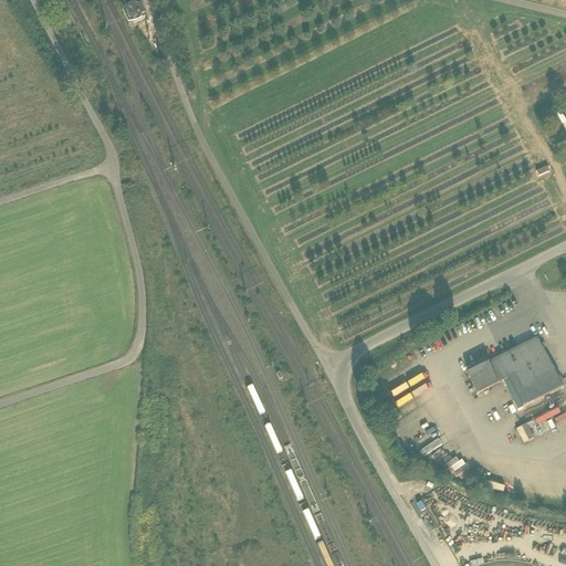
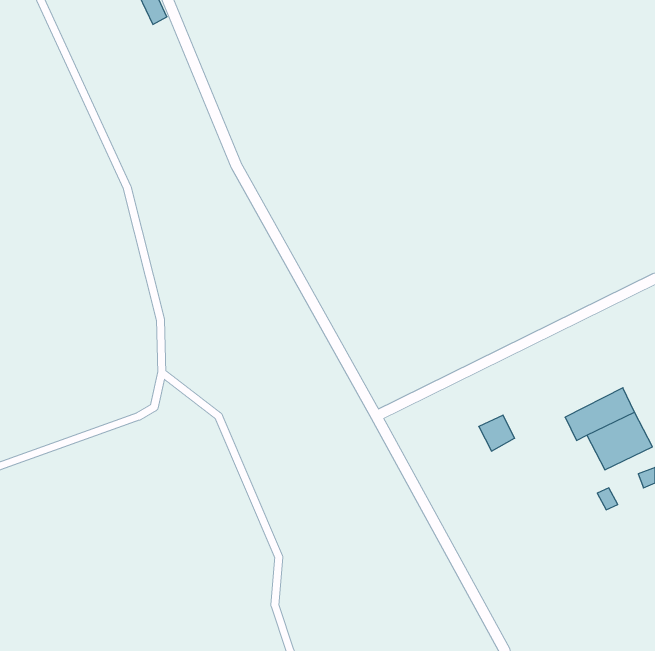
building: [465,359,496,390] -> [479,415,515,451]

